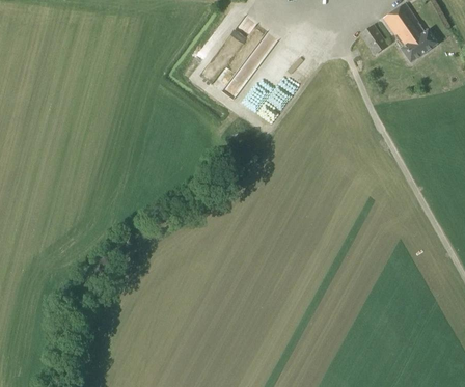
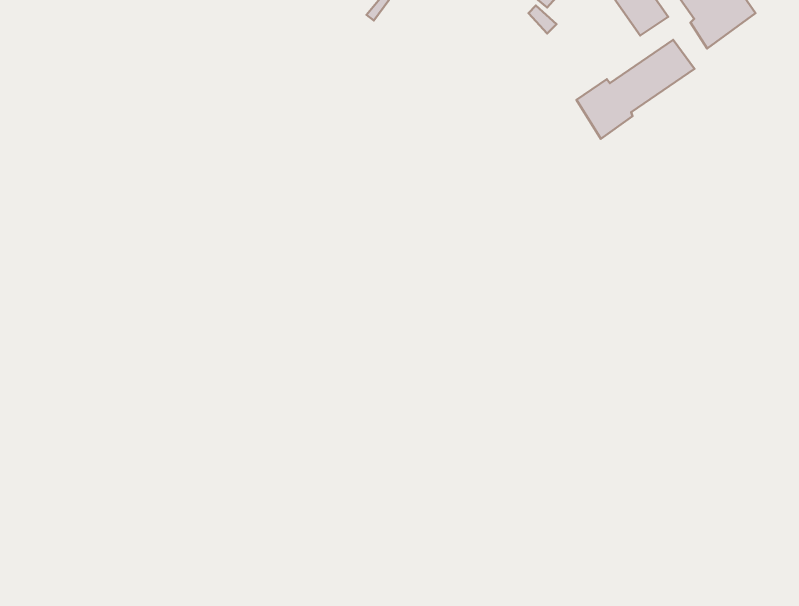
building: none -> [576,40,694,139]

